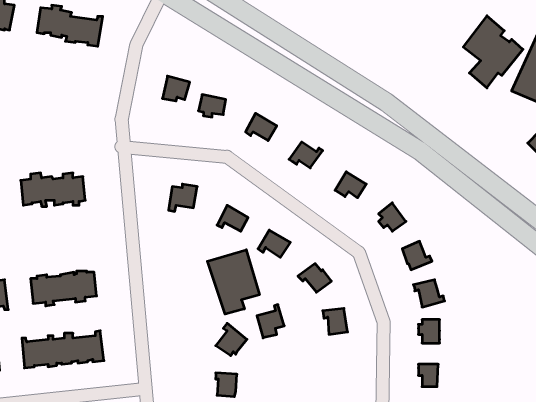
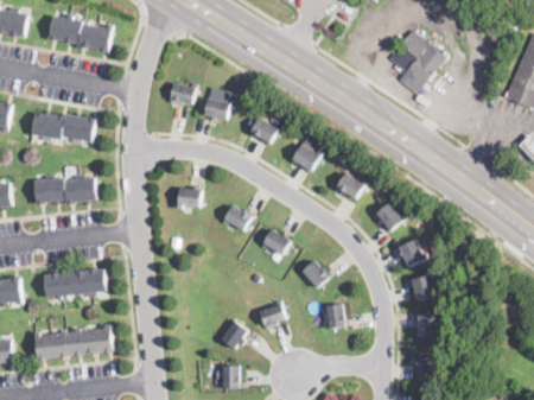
building: [463,16,523,88] -> [393,24,450,93]
building: none -> [31,109,96,144]
building: [207,250,259,314] -> none

